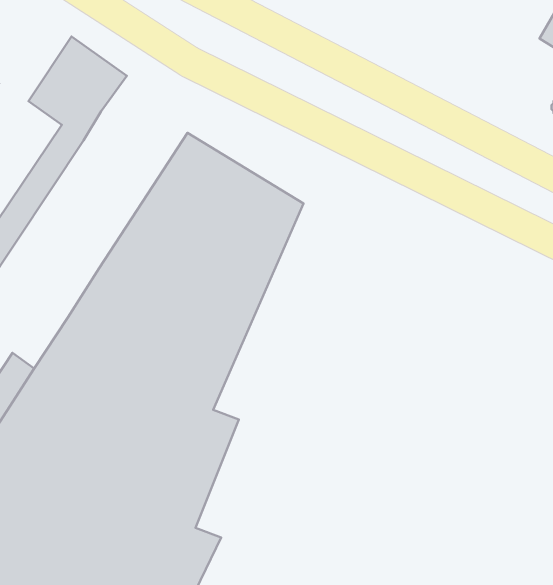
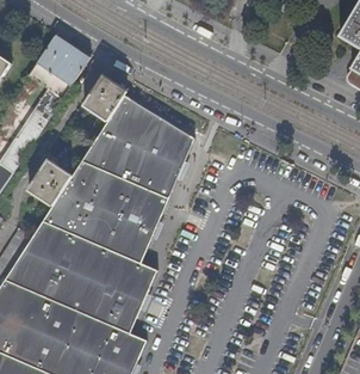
building: none -> [82,75,126,121]
building: none -> [27,160,70,206]

